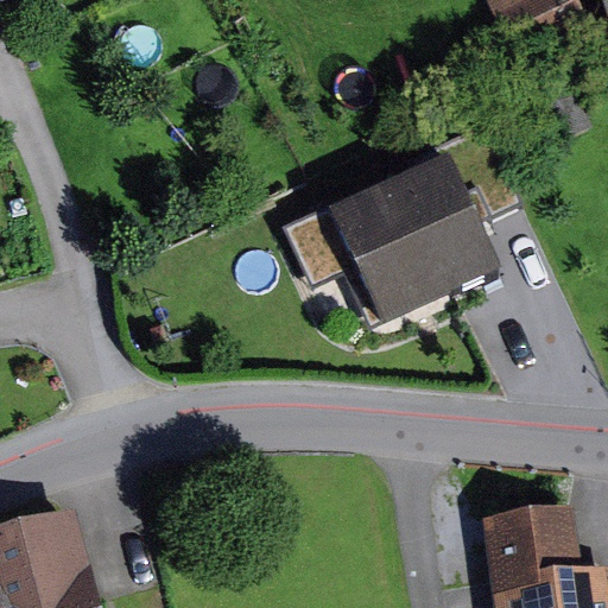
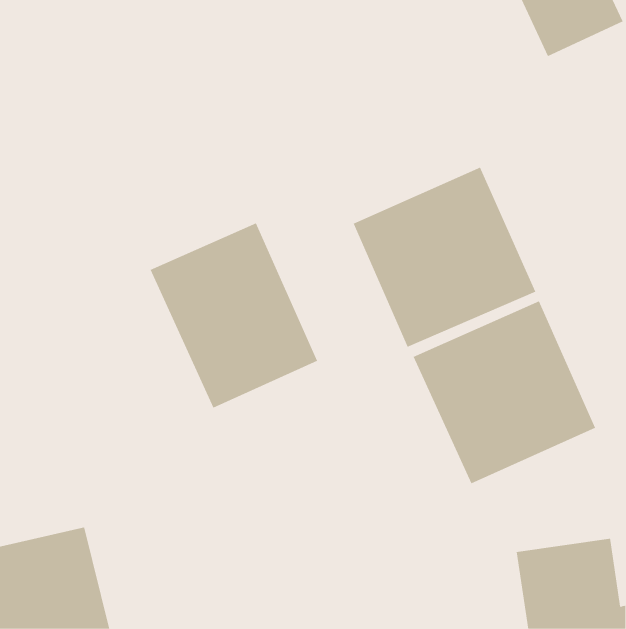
building: none -> [150,222,318,408]
building: none -> [413,300,596,484]

